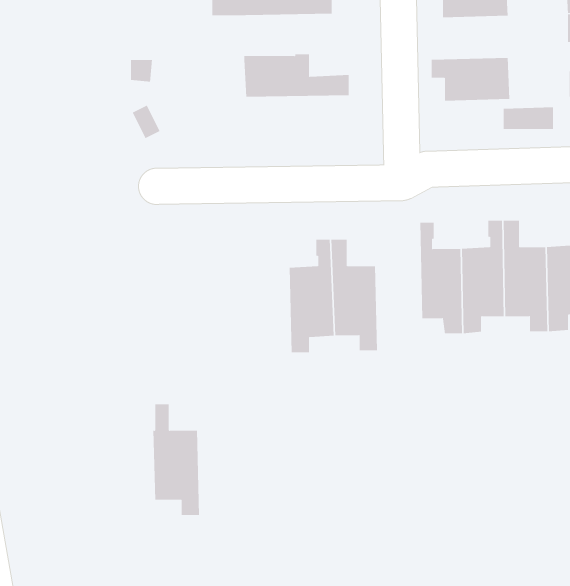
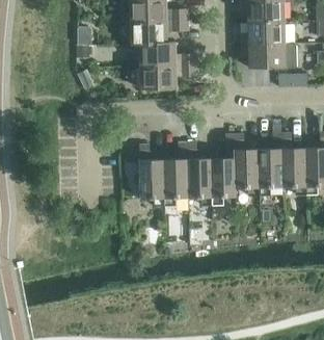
building: none -> [131,20,188,45]
building: none -> [242,21,285,45]
building: none -> [140,64,197,88]
building: none -> [212,134,237,205]
building: [153,404,200,515] -> [139,145,165,206]

